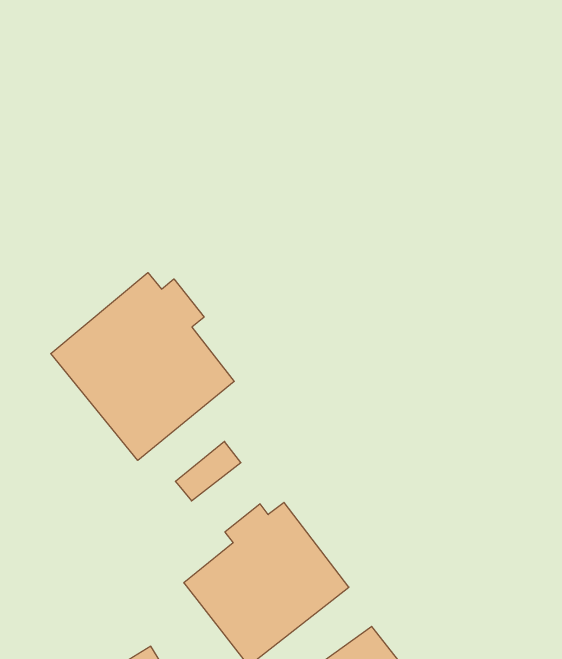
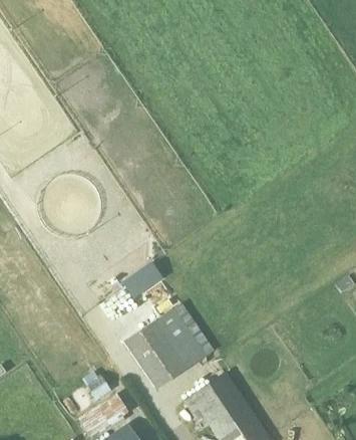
building: [51,273,234,460] -> none

